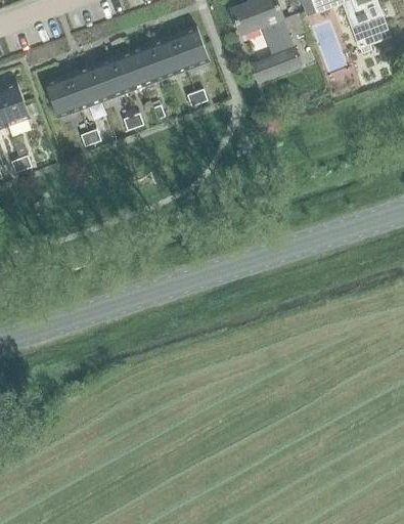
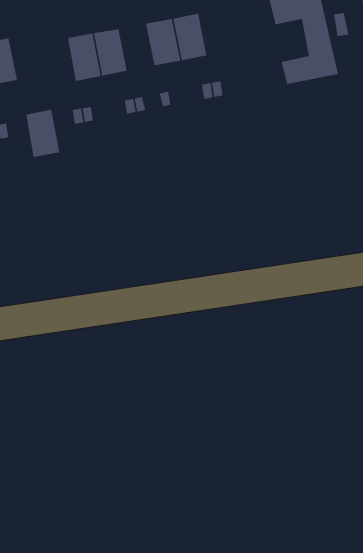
building: [174,27,209,70] -> none
building: [108,51,143,94] -> none
building: [44,75,79,119] -> [26,109,60,158]

